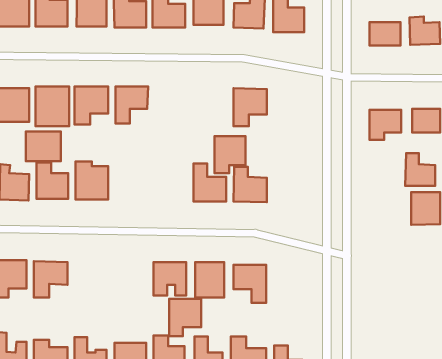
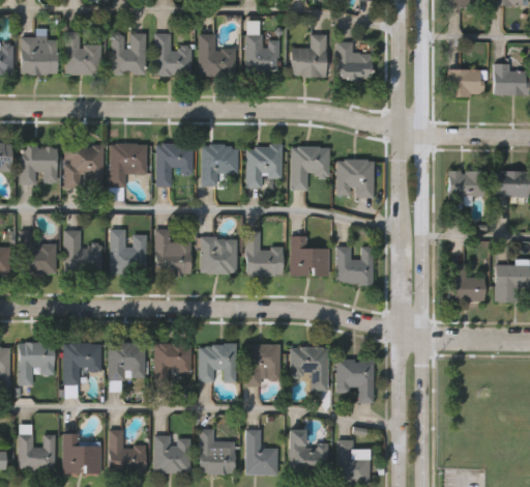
building: none -> [202,144,238,184]
building: none -> [336,159,374,197]
building: [26,131,61,161] -> none
building: [215,136,245,173] -> [246,144,282,187]
building: [405,153,435,186] -> [448,263,482,300]
building: none -> [155,229,192,274]
building: none -> [200,236,237,274]
building: none -> [336,246,373,283]
building: none -> [109,343,146,379]
building: none -> [336,360,374,402]
building: [169,299,201,336] -> [155,343,192,385]

